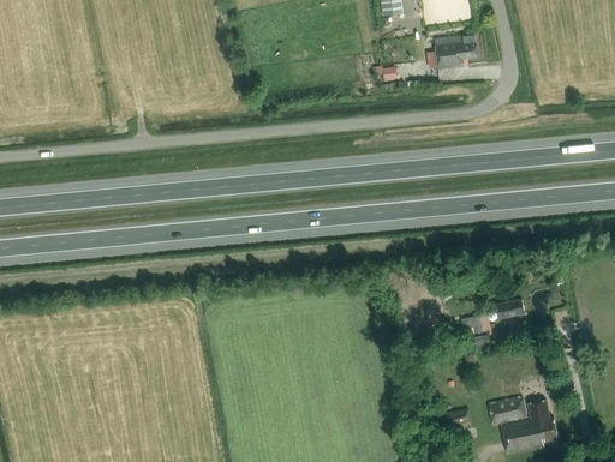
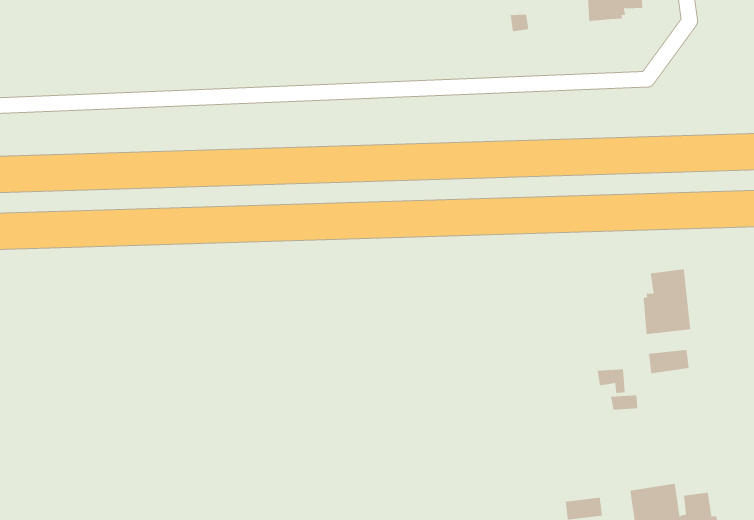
building: none -> [643,269,691,335]

